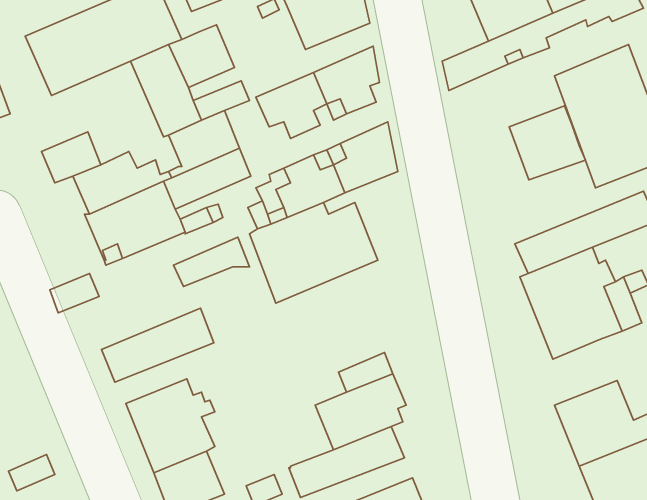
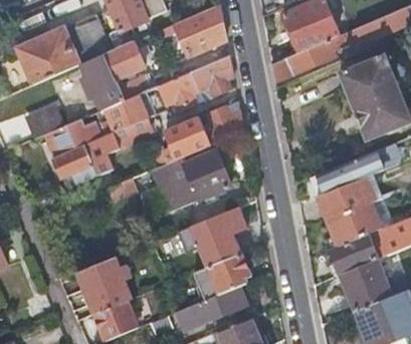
building: [509,106,585,180] -> none
building: [102,308,214,382] -> [178,206,246,251]
building: none -> [330,233,377,273]

